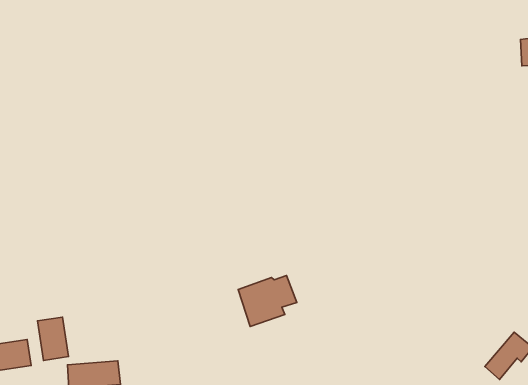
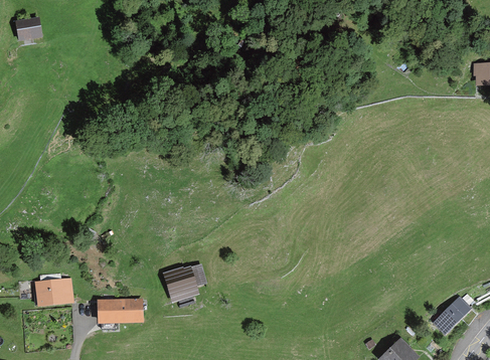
building: [238,275,297,327] -> [163,263,209,303]
building: [37,317,68,360] -> none

